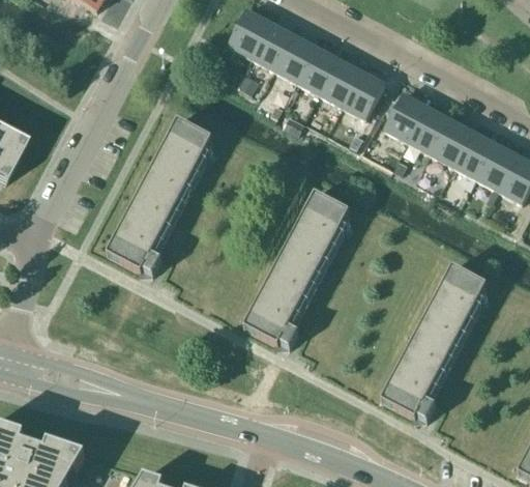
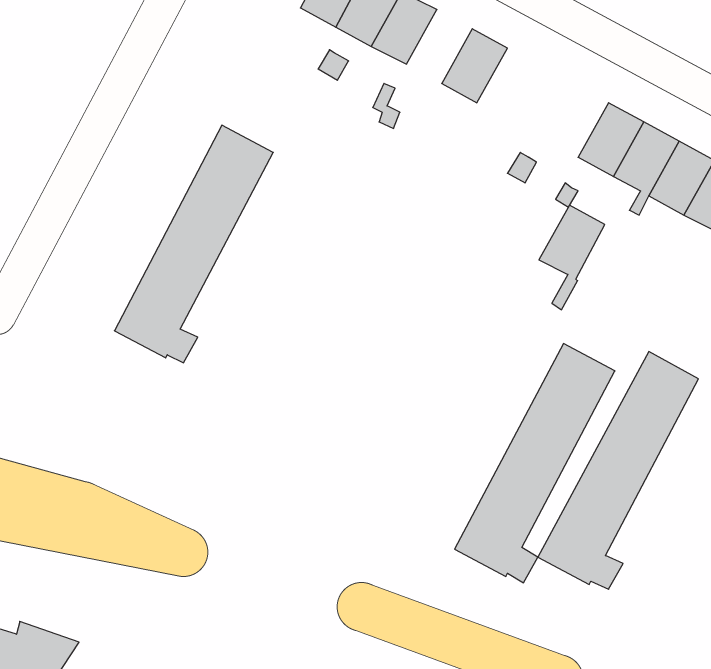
building: [296,46,338,93] -> none
building: [342,70,384,138] -> [539,205,605,310]
building: [384,93,426,141] -> none
building: [244,193,348,347] -> [455,344,615,583]

